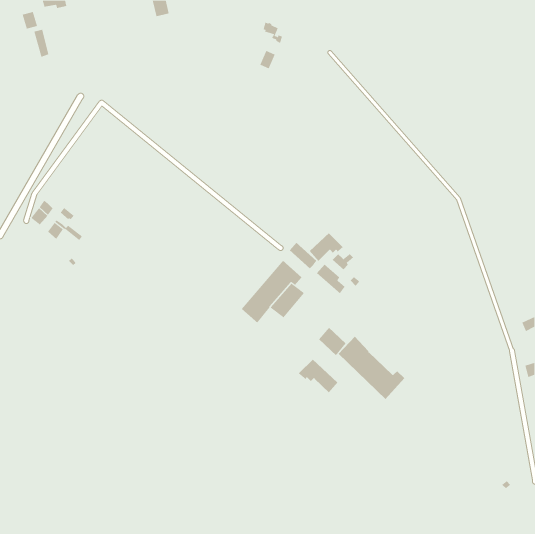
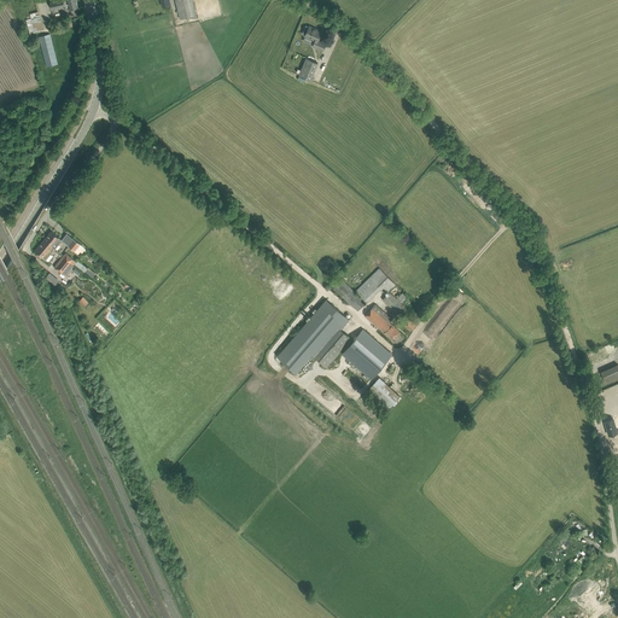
building: none -> [349,331,391,372]
building: [338,336,405,400] -> none
building: [298,359,338,393] -> none

